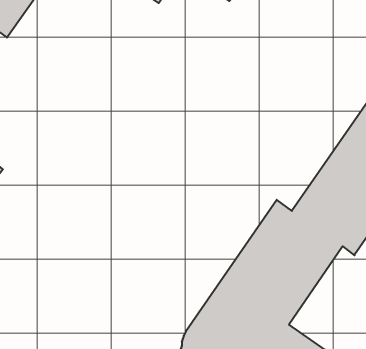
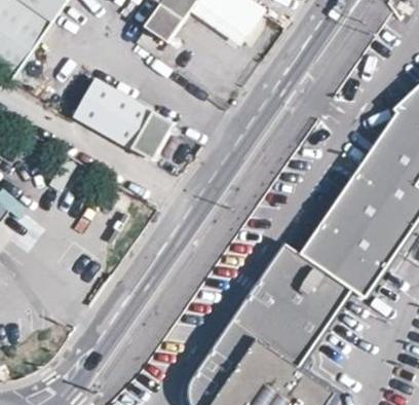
building: none -> [73,77,173,157]

